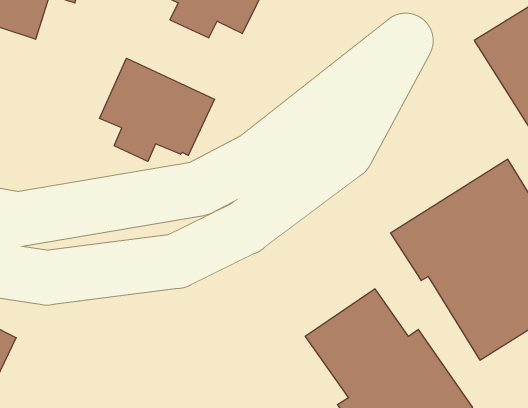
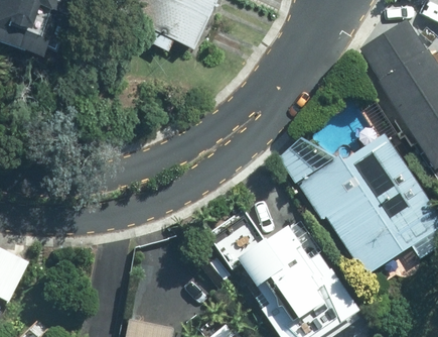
building: [99,58,215,161] -> none

